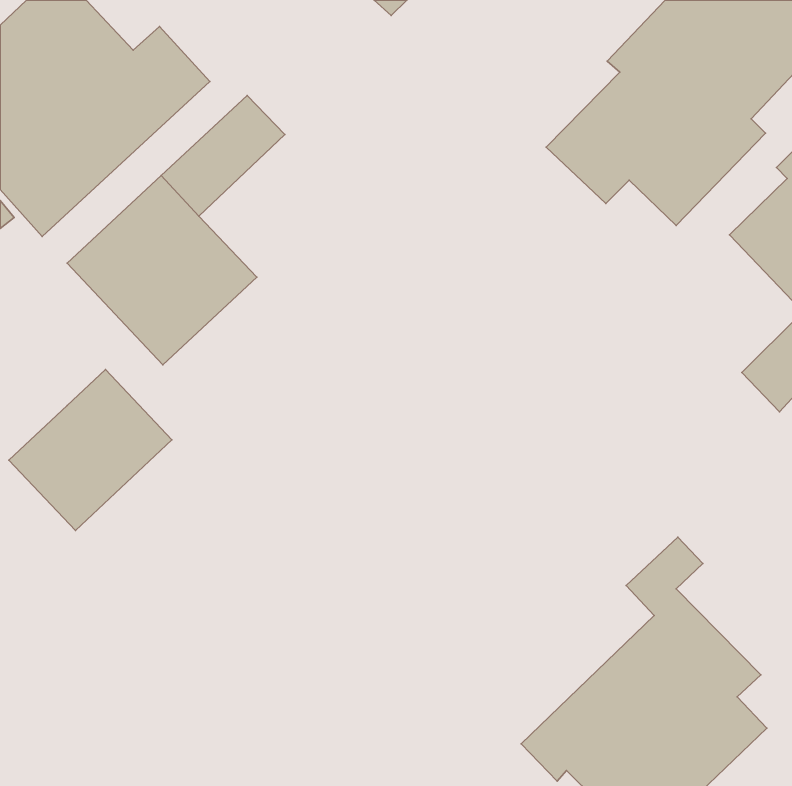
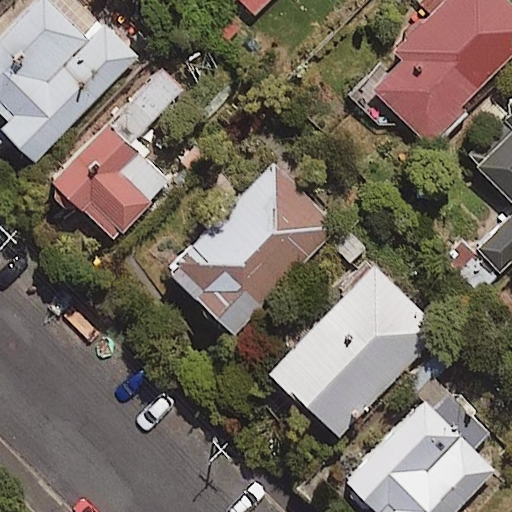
building: none -> [165,162,338,334]
building: [9,369,172,530] -> none
building: none -> [267,264,439,435]

